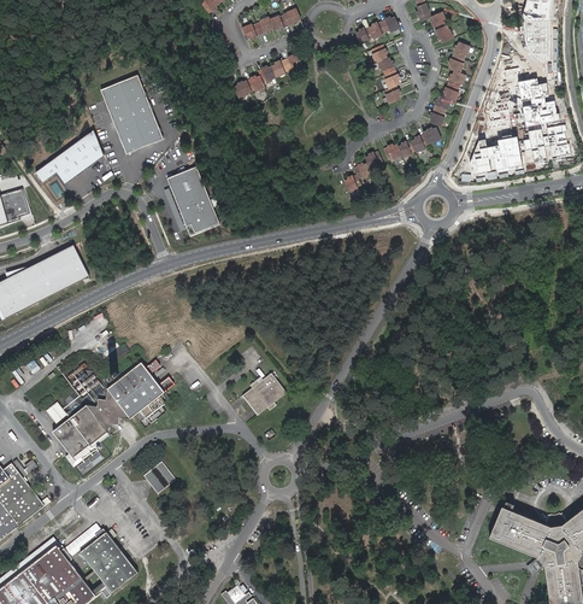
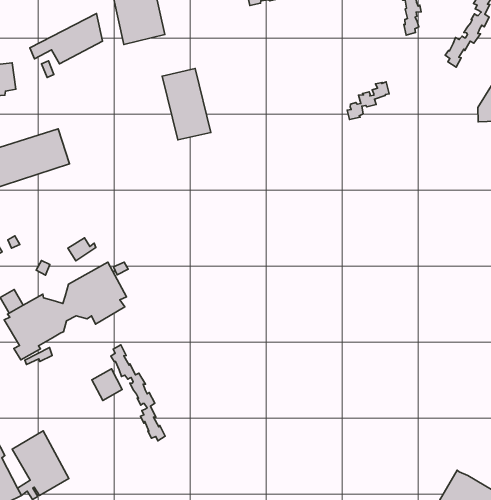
building: [383,128,441,159] -> none
building: [242,374,284,415] -> none
building: none -> [111,345,165,441]

